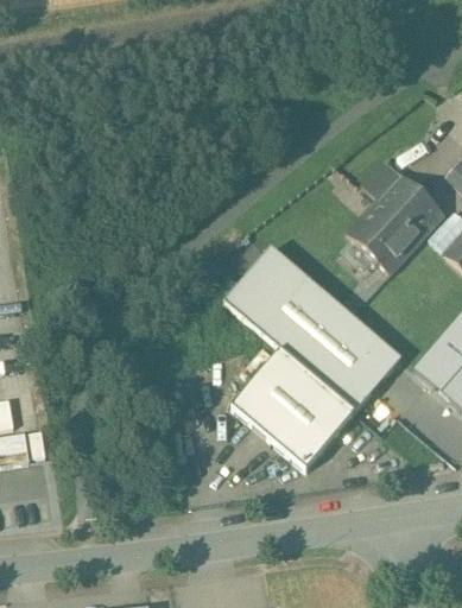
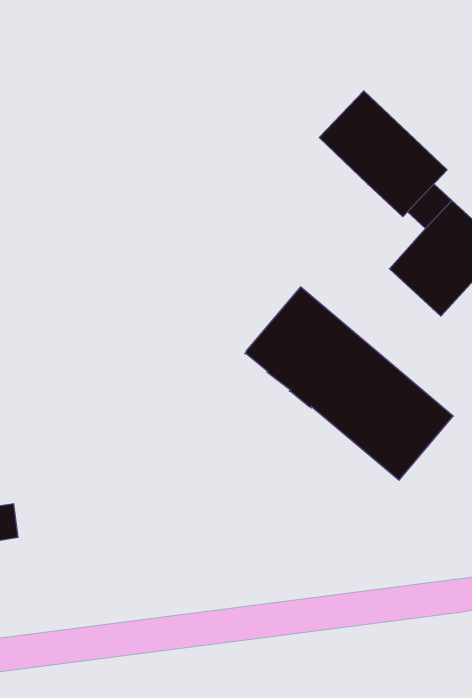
building: none -> [319,91,447,217]
building: [232,348,355,469] -> none

